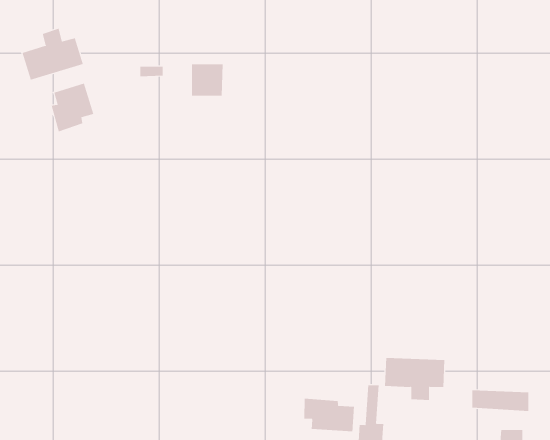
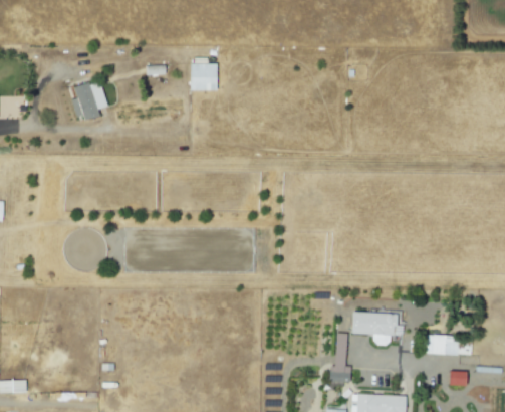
building: [22,28,83,81] -> none
building: [304,398,355,432] -> none

